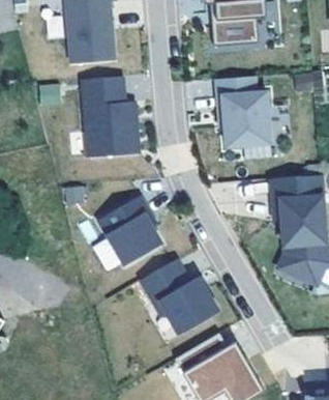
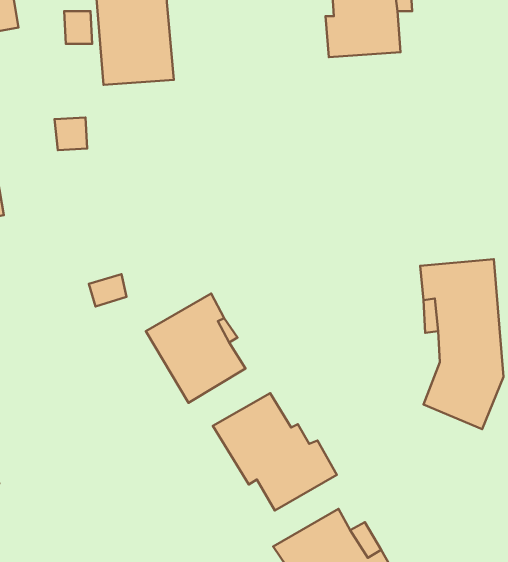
building: [82,77,139,158] -> none
building: [216,77,270,147] -> none

